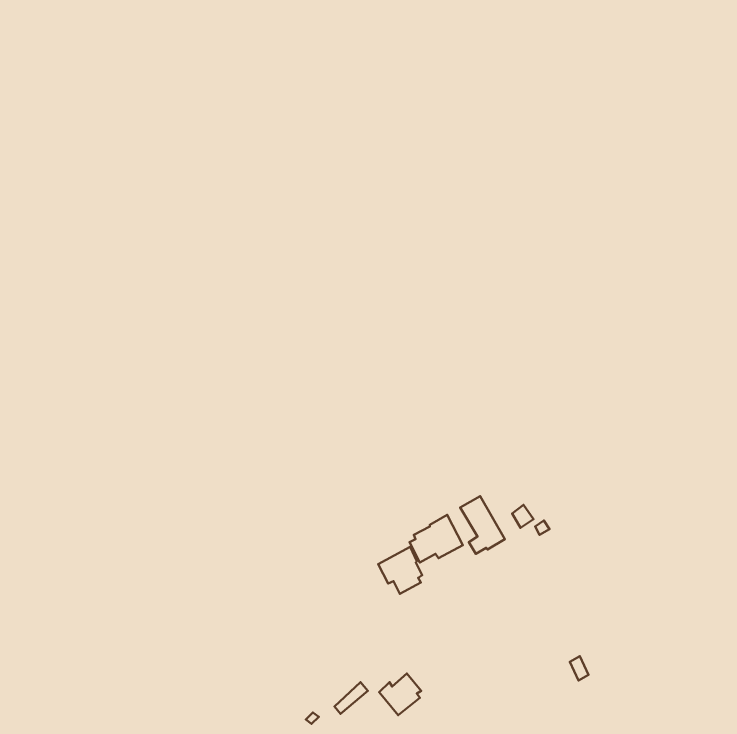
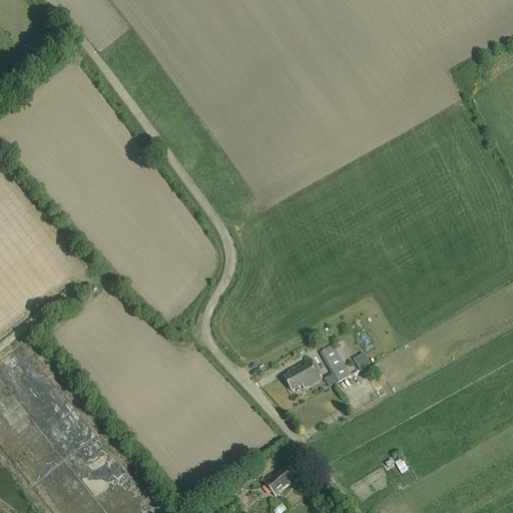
building: [378,547,422,594] -> none

